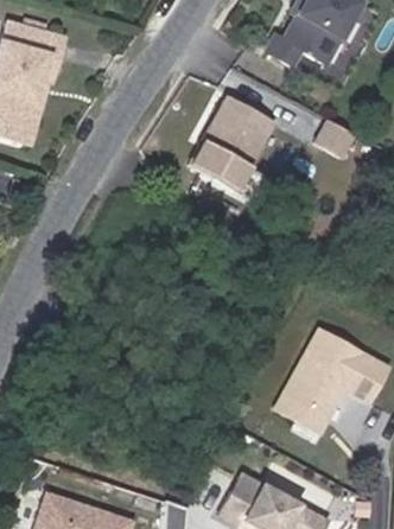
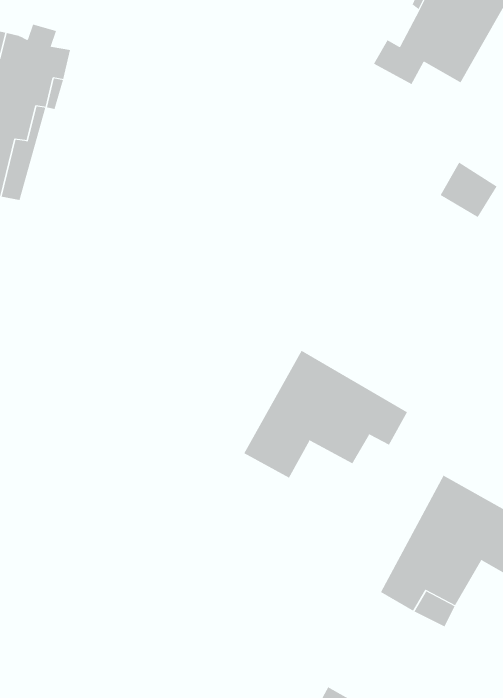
building: [190,91,275,184] -> none
building: none -> [244,350,408,478]

